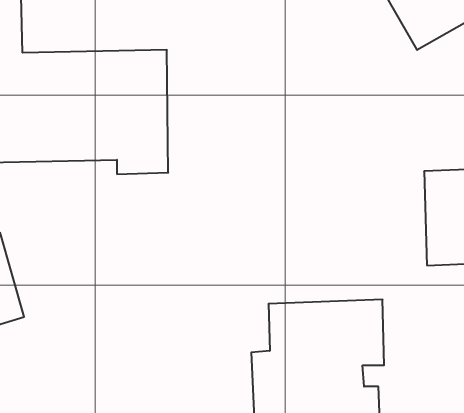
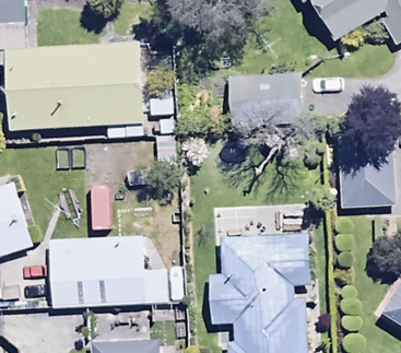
building: none -> [228,74,300,118]
building: none -> [49,235,168,307]

